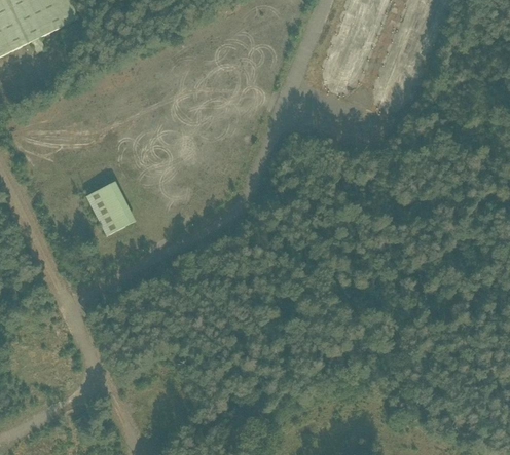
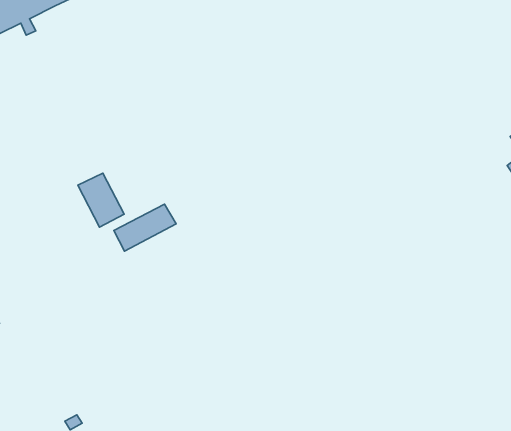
building: none -> [114,204,176,251]

